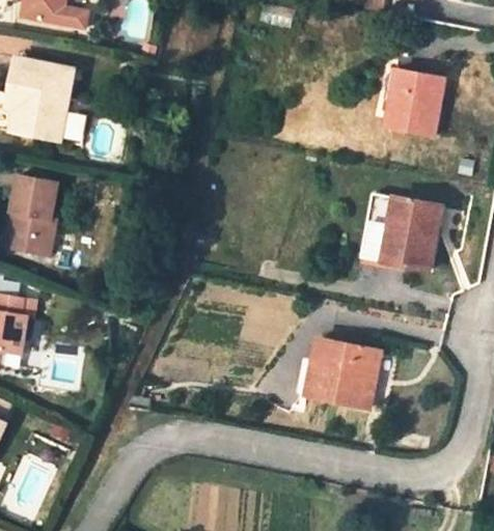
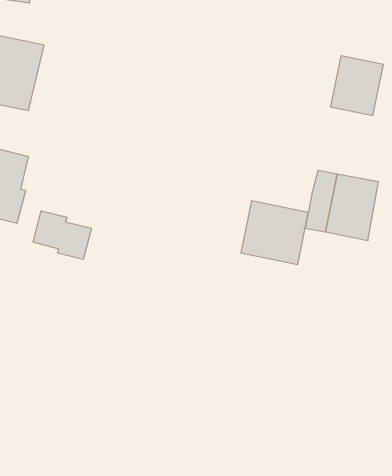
building: none -> [33,211,91,259]
building: [304,341,377,410] -> [241,201,308,265]

